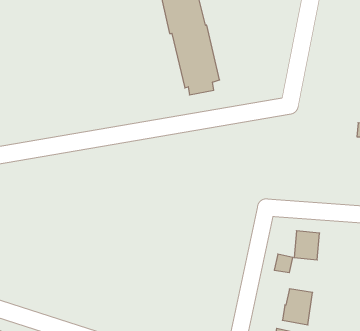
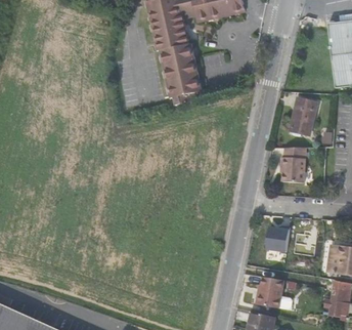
building: none -> [290,96,315,134]
building: none -> [278,146,304,181]

